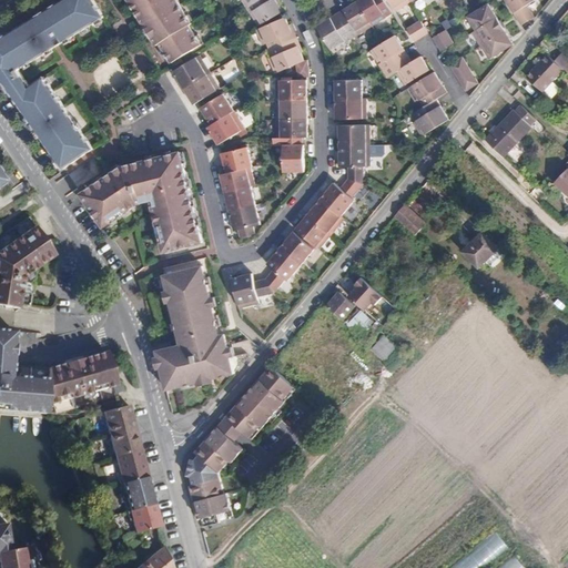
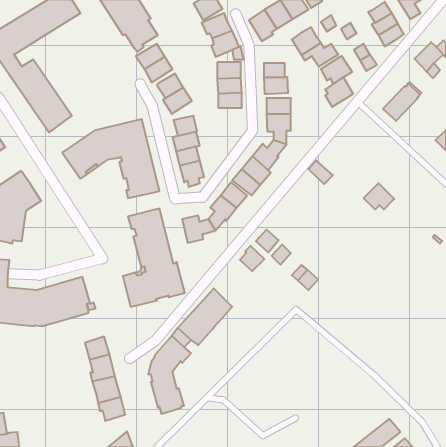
building: [272,136,303,170] -> none
building: [346,277,377,310] -> [240,246,264,271]
building: [101,404,132,434] -> none

